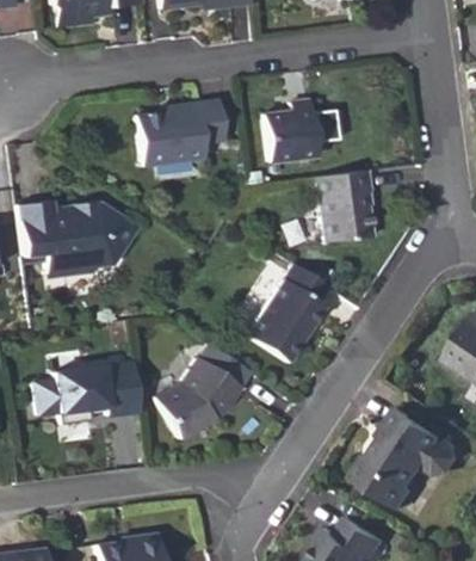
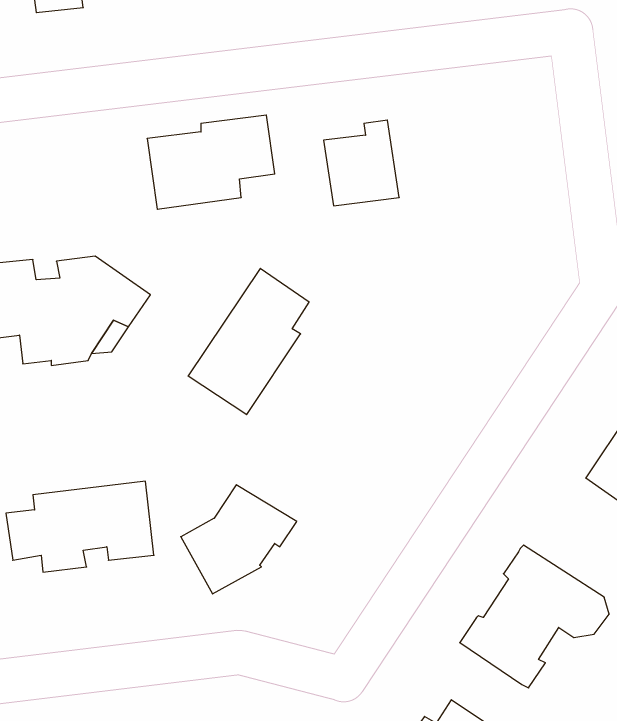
building: [317,168,372,242] -> none
building: [247,261,333,365] -> [188,268,309,415]

